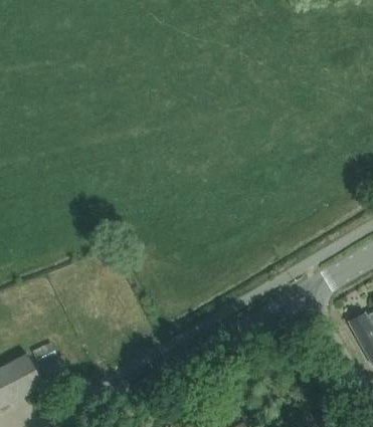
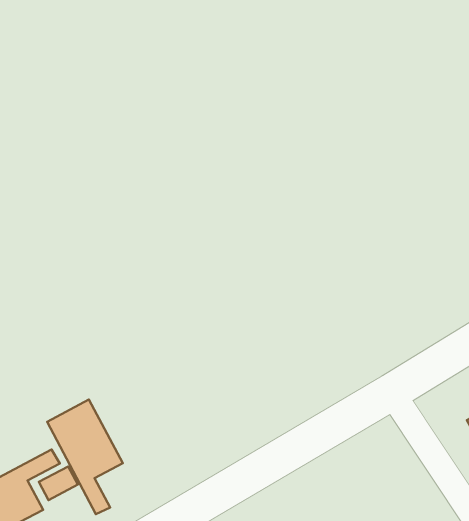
building: none -> [47,400,123,514]

